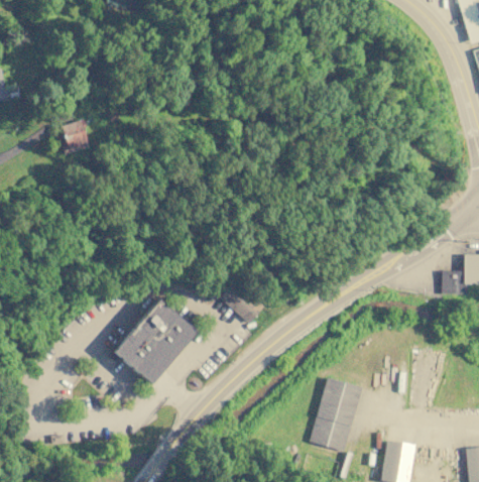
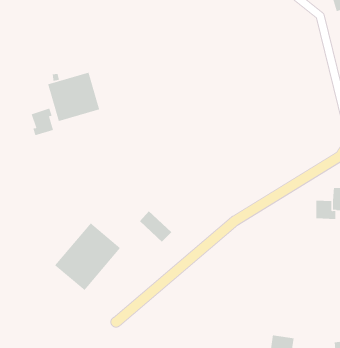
building: none -> [48,72,100,122]
building: [59,118,89,153] -> [31,108,54,136]
building: [309,376,363,451] -> none

